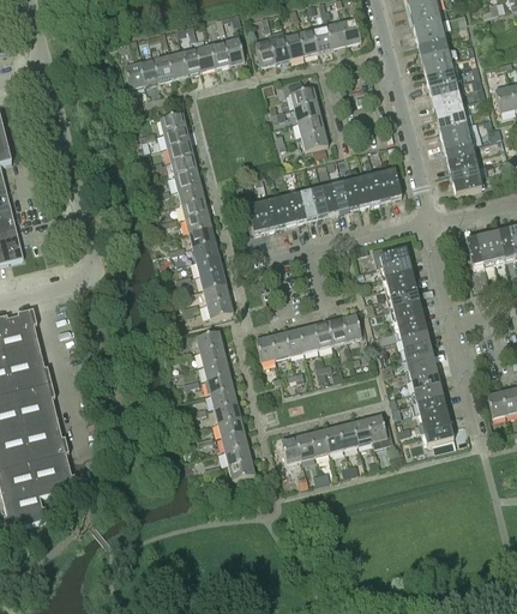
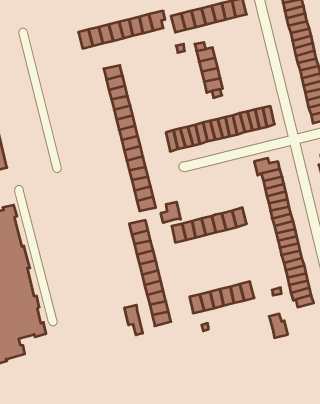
building: none -> [161,202,181,223]
building: [366,414,392,447] -> [269,314,288,338]
building: none -> [125,305,143,335]

